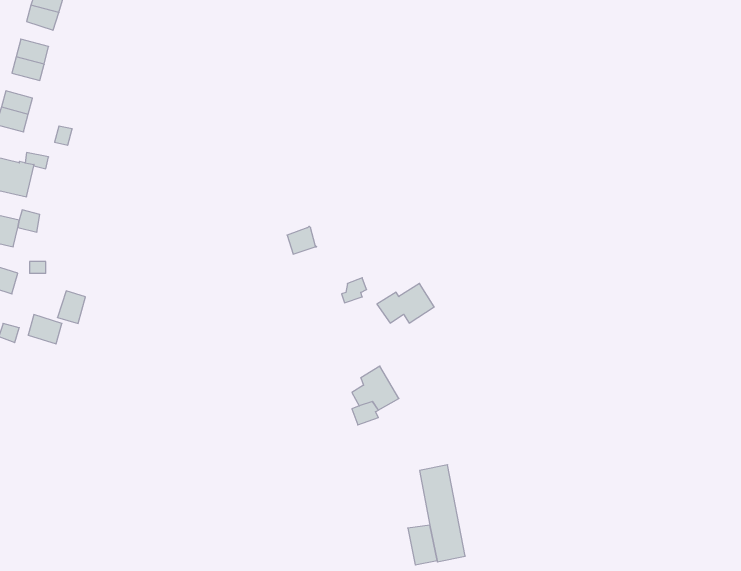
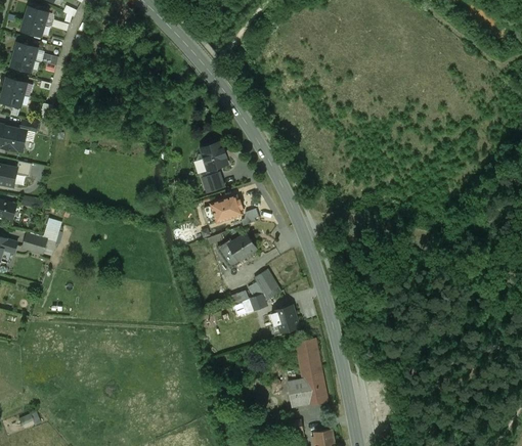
building: none -> [200,143,226,171]
building: none -> [210,195,242,223]
building: [377,283,434,323] -> [216,233,256,261]
building: none -> [274,307,298,332]

